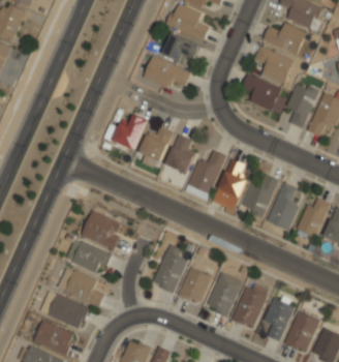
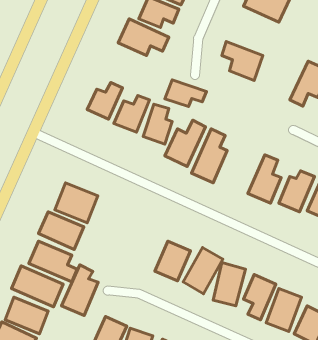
building: [254,47,295,84] -> none
building: [285,82,318,128] -> none
building: none -> [165,80,207,106]
building: [244,176,274,215] -> none
building: [152,243,187,292] -> [61,265,98,316]

